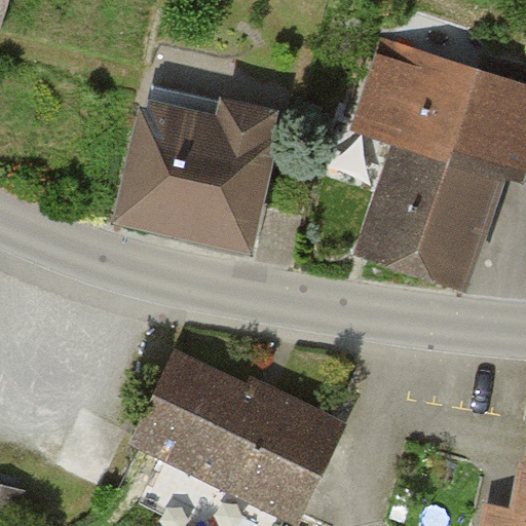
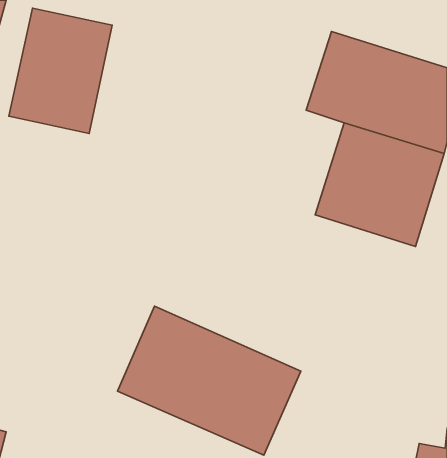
building: none -> [9,8,112,133]
building: [120,88,288,247] -> none

